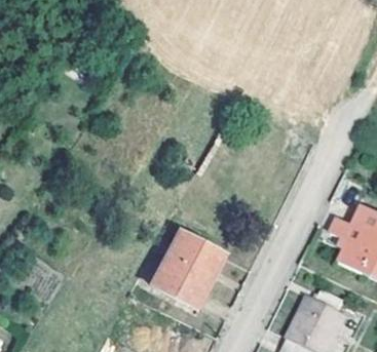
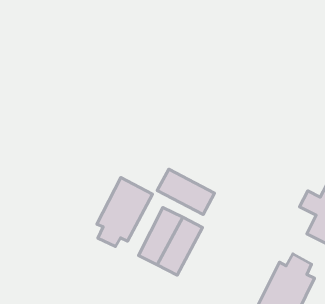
building: none -> [157,169,215,215]
building: none -> [97,177,152,247]

